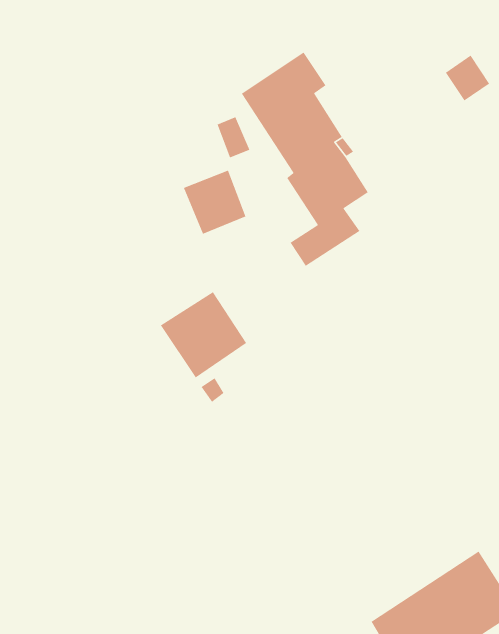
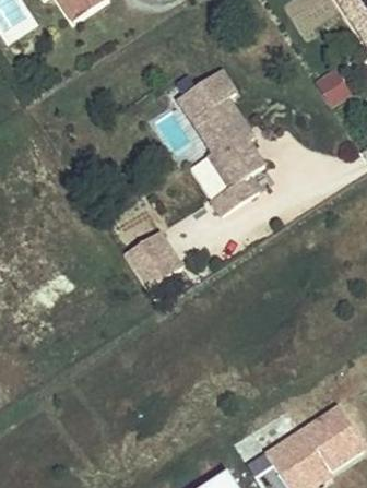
building: [183,169,247,235] -> none

